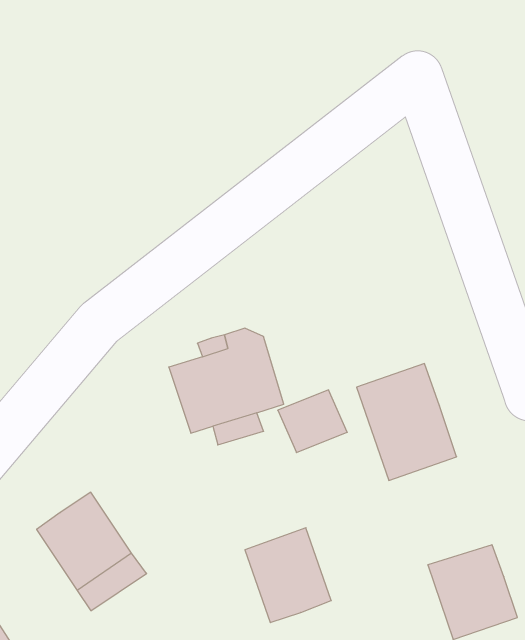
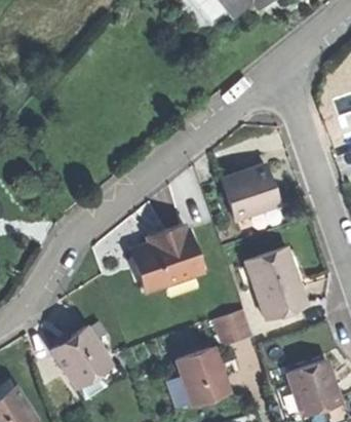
building: none -> [223,165,278,221]
building: [278,390,347,453] -> [212,308,255,346]

